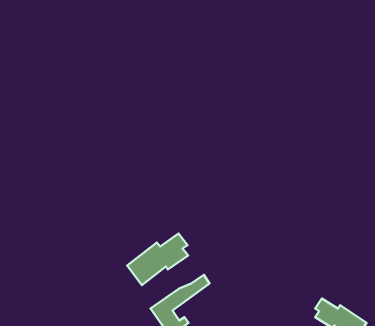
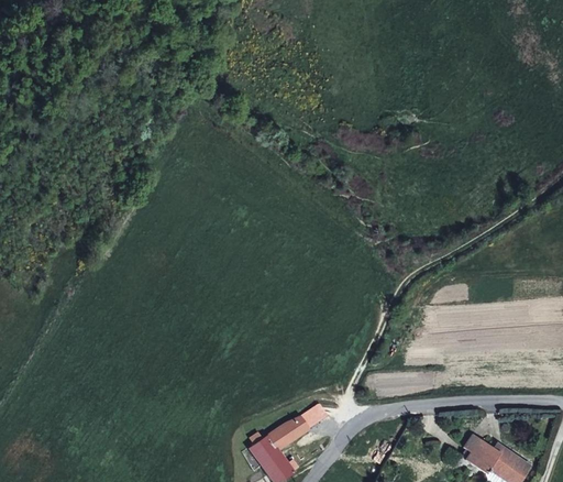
building: [127,233,188,285] -> none

